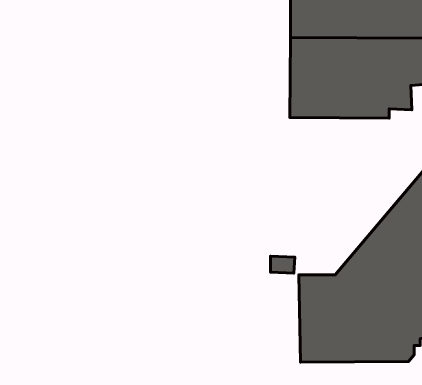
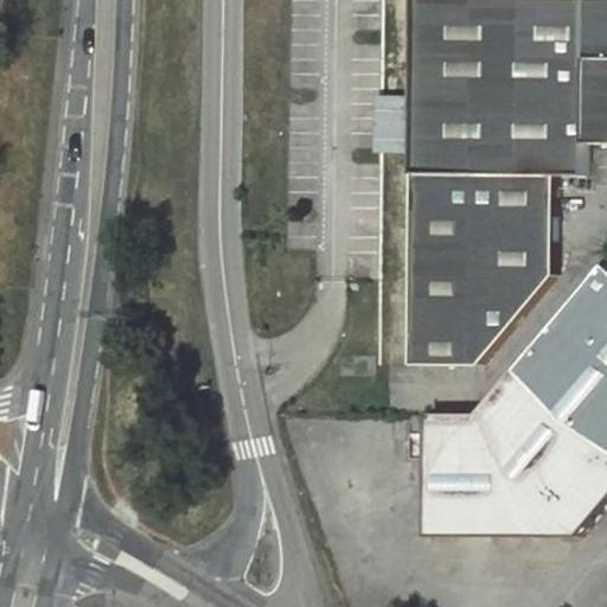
building: none -> [409,189,551,365]

